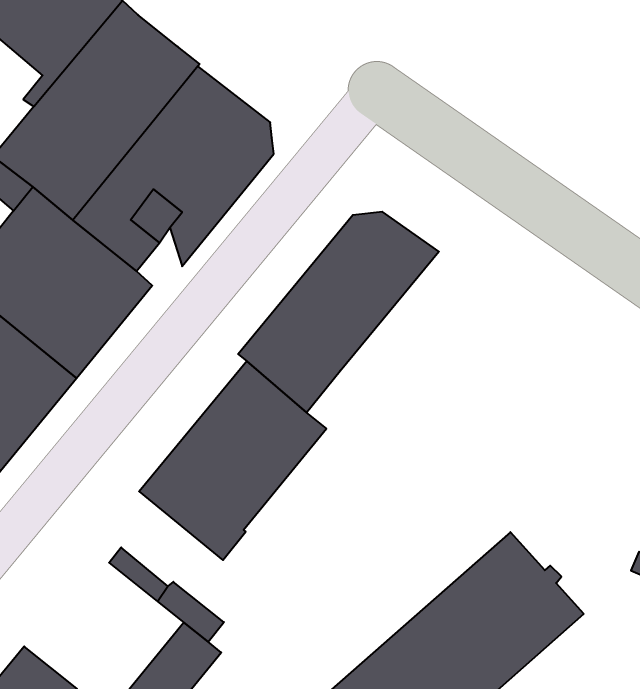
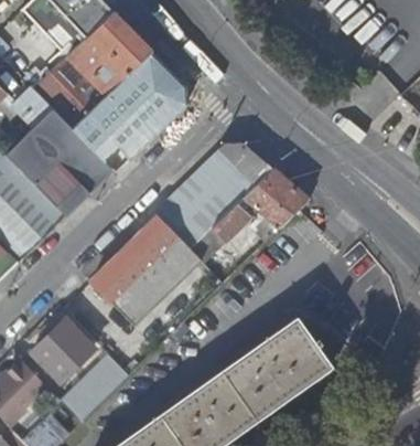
building: none -> [189,168,309,263]
building: none -> [31,319,93,381]

